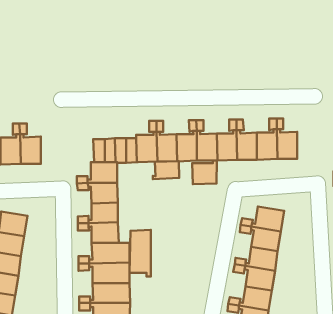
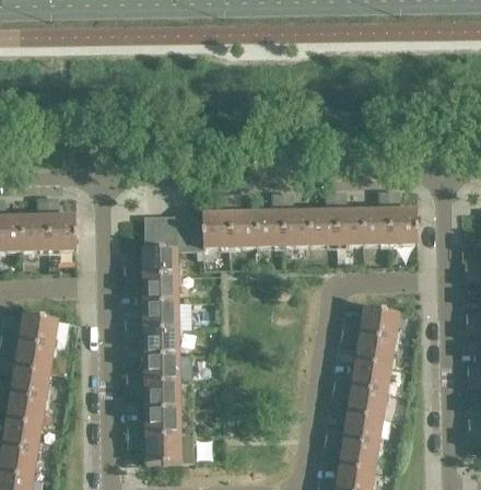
building: [192,161,217,184] -> none
building: [153,161,179,179] -> none
building: [129,230,151,277] -> none

